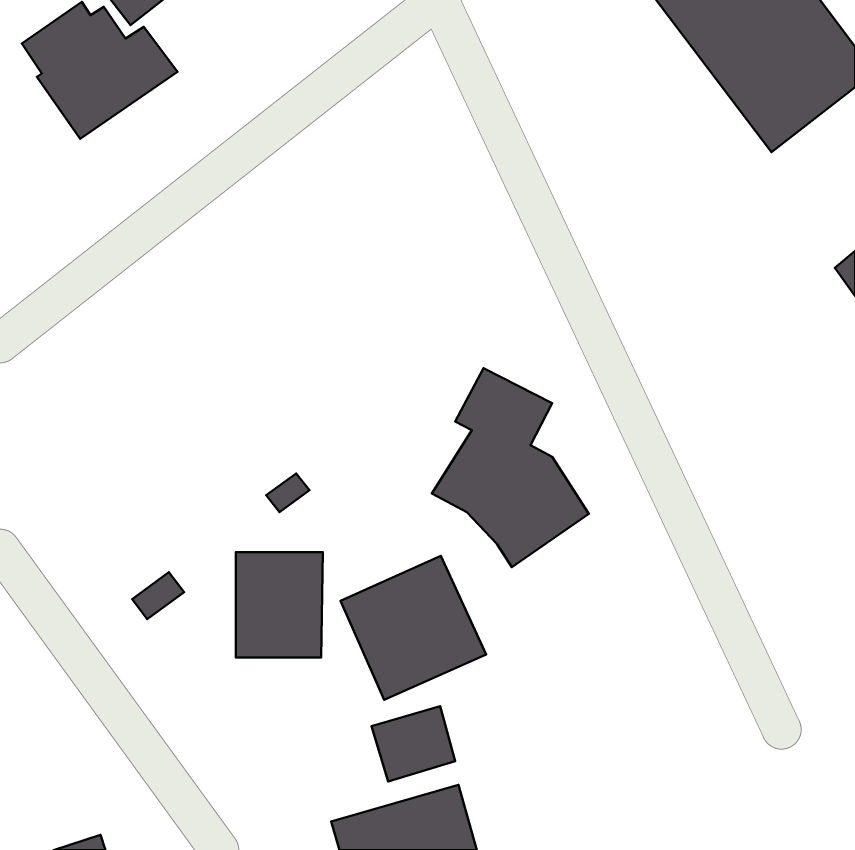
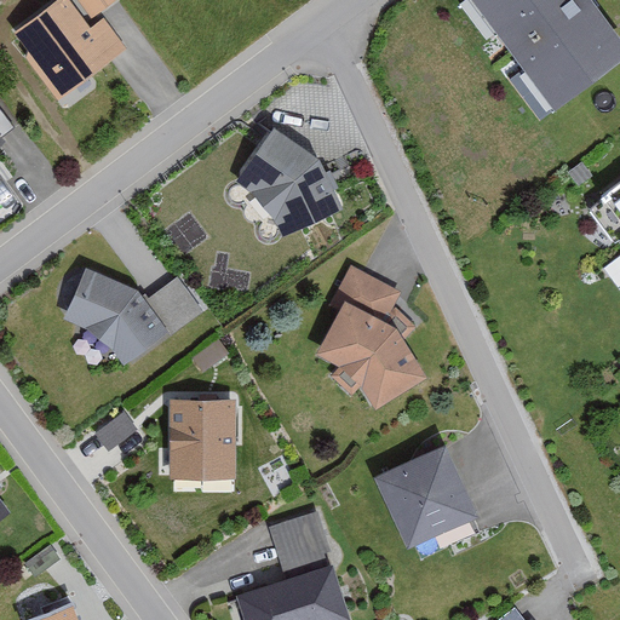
building: none -> [232,131,345,240]
building: none -> [63,268,199,364]
building: [341,556,486,700] -> [374,443,480,547]

